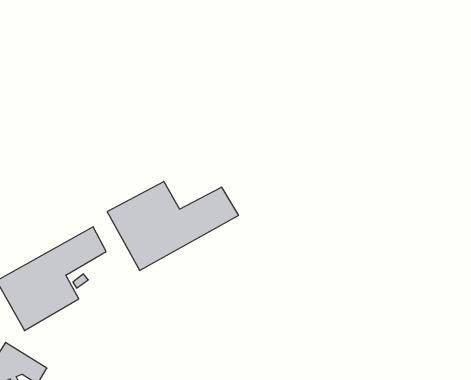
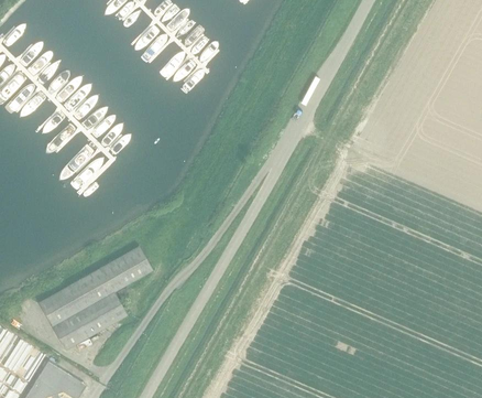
building: [107,181,238,271] -> none

